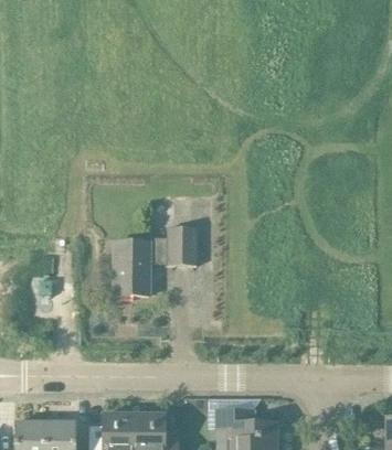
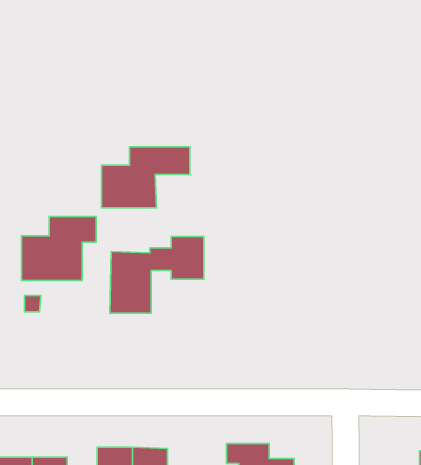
building: none -> [102,147,190,208]
building: none -> [22,217,96,281]

